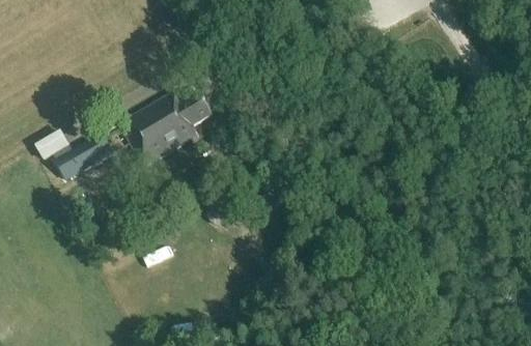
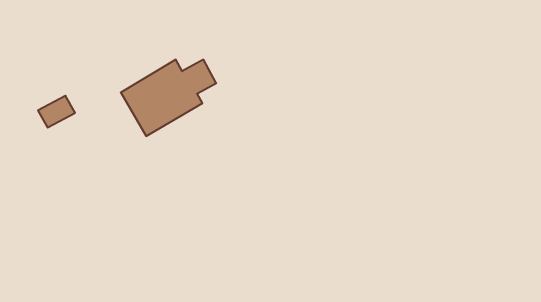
building: [54,133,113,181] -> none

